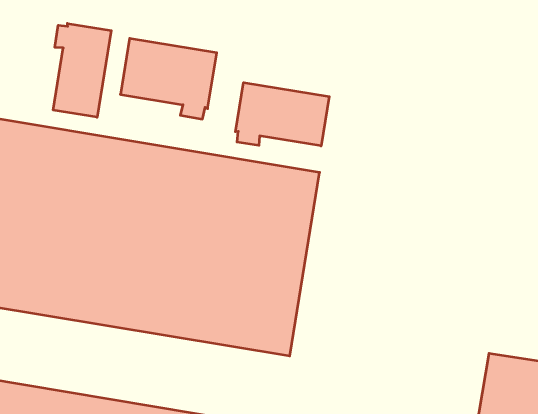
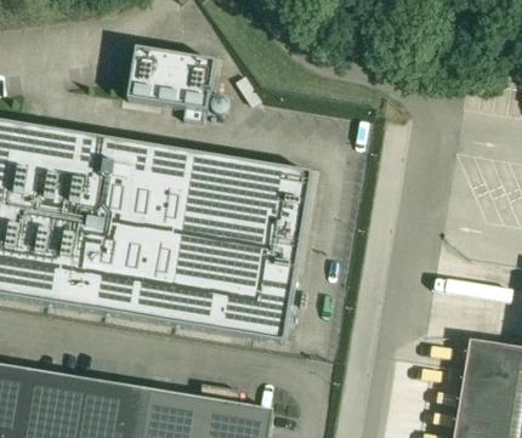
building: [53,23,111,117] -> none
building: [235,83,329,146] -> none

